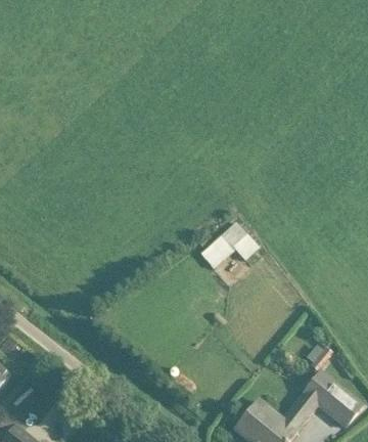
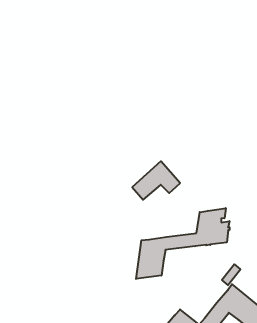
building: none -> [136,208,229,279]

